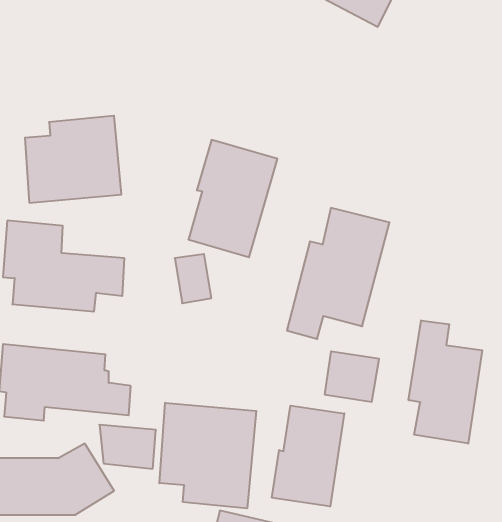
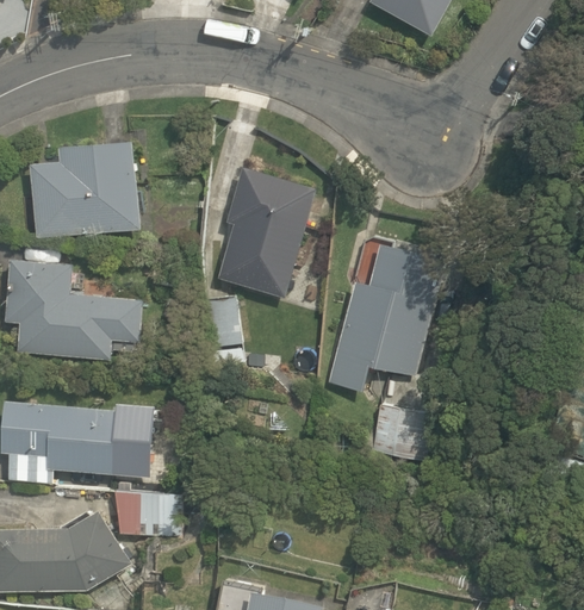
building: [409,320,482,444] -> none
building: [159,403,256,508] -> none
building: [272,406,344,507] -> none

